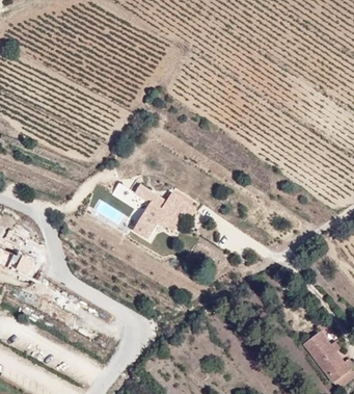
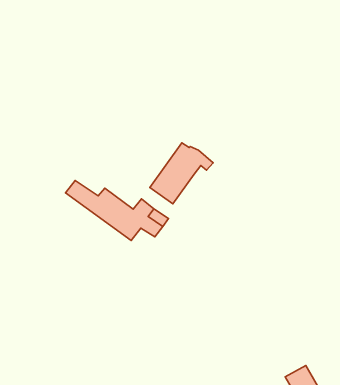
building: none -> [150,143,213,204]

